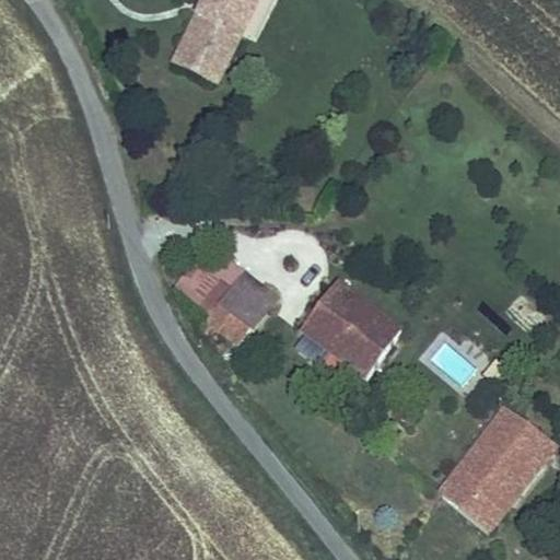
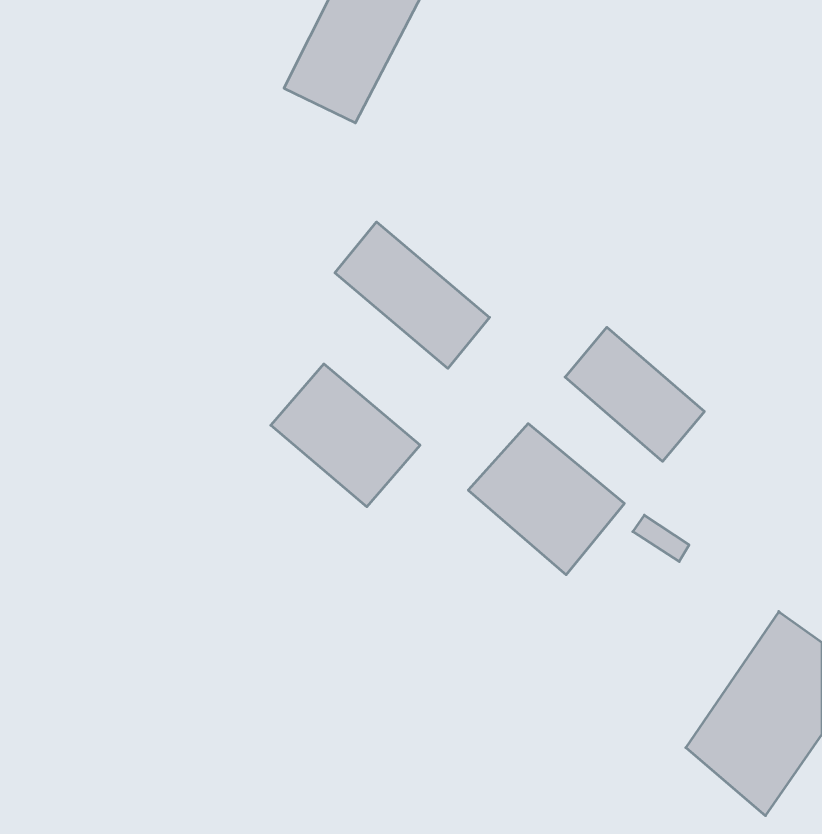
building: none -> [335,222,490,368]
building: none -> [565,327,704,461]

